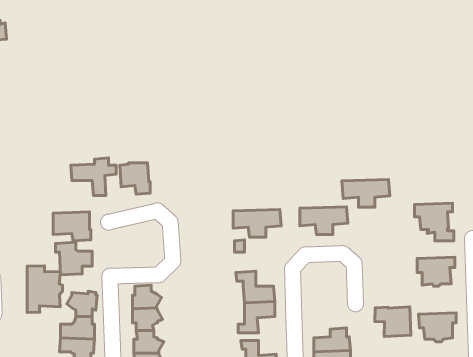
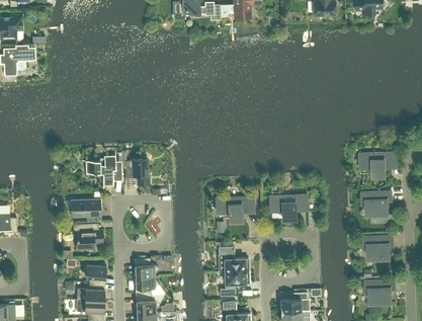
building: [342,180,390,207] -> [359,153,398,175]
building: [27,266,63,312] -> none
building: [375,307,411,337] -> none

